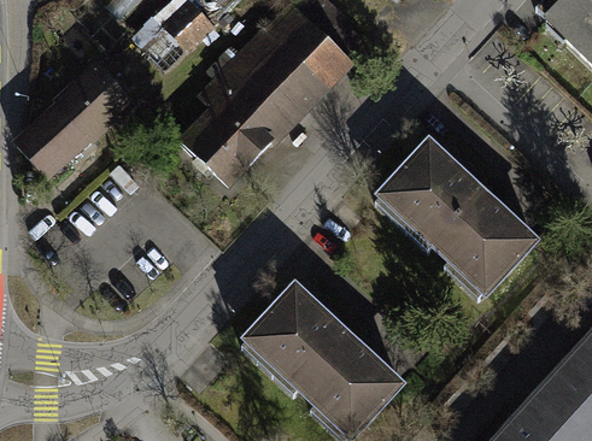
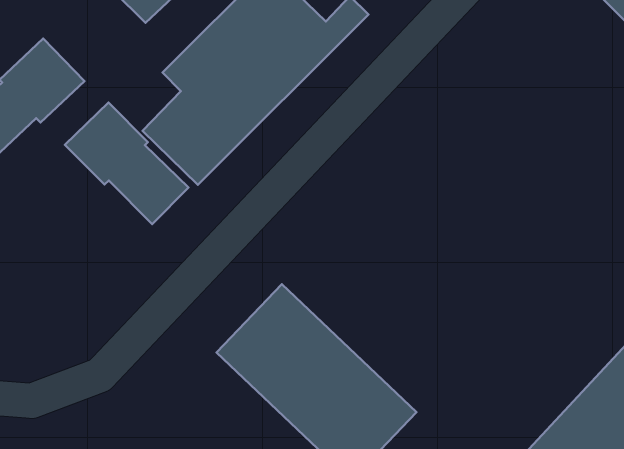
building: none -> [65,103,189,224]
building: [377,136,546,301] -> none

